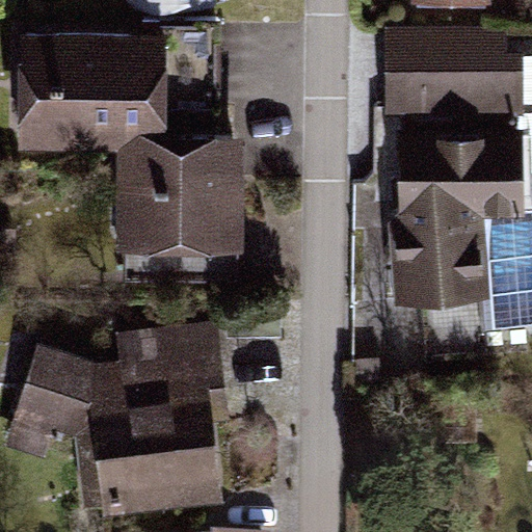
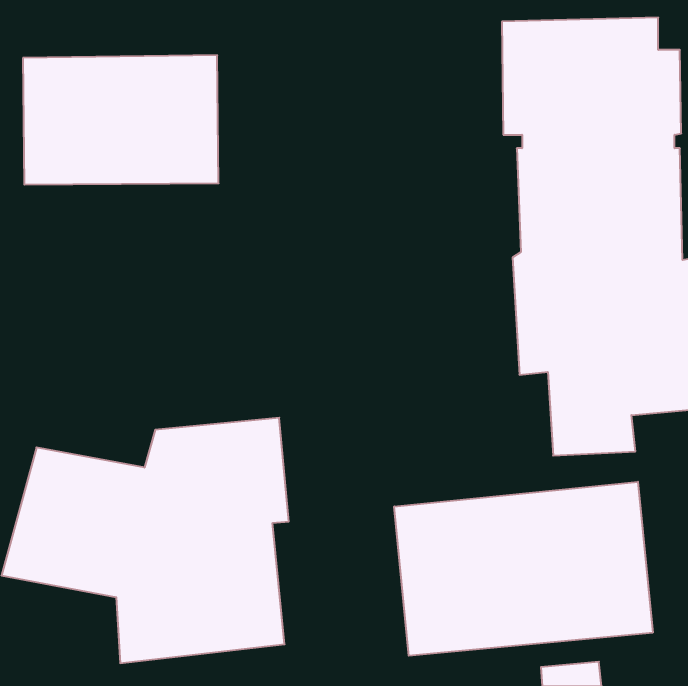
building: [117,157,242,276] -> none
building: none -> [394,482,653,656]

